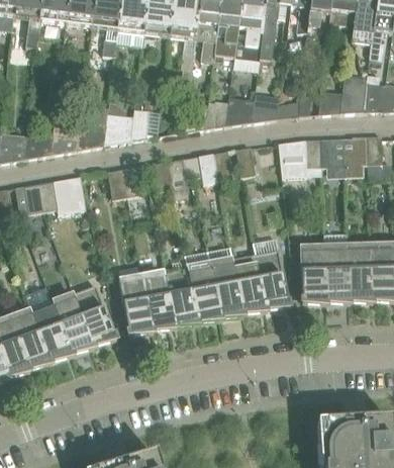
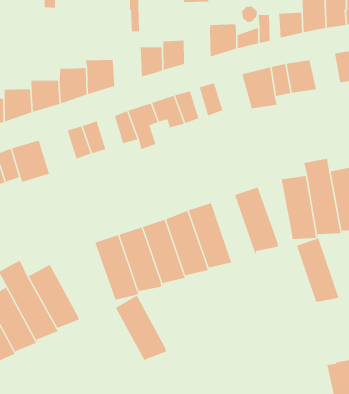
building: [226,95,254,125] -> none
building: [343,135,368,177] -> none
building: [232,254,266,316] -> [296,238,340,305]
building: [74,284,116,349] -> [115,295,167,363]

